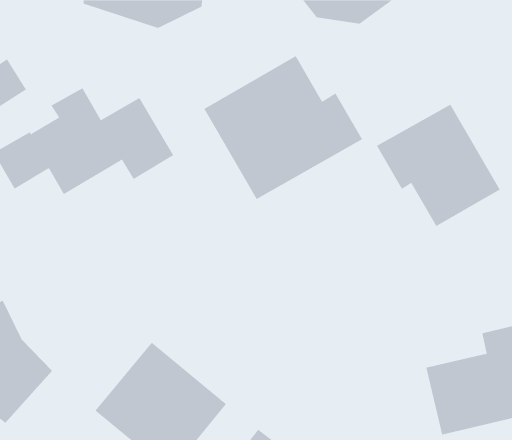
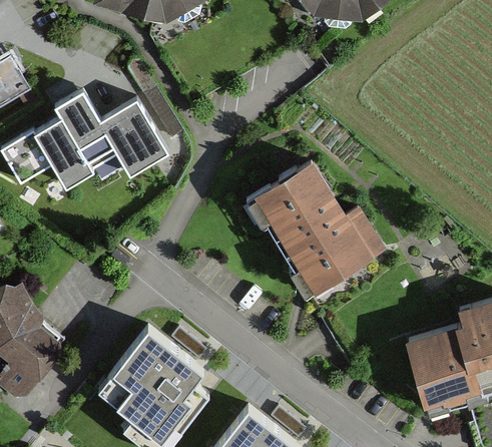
building: [204,55,363,200] -> none
building: [376,104,500,227] -> none
building: none -> [247,170,383,300]

